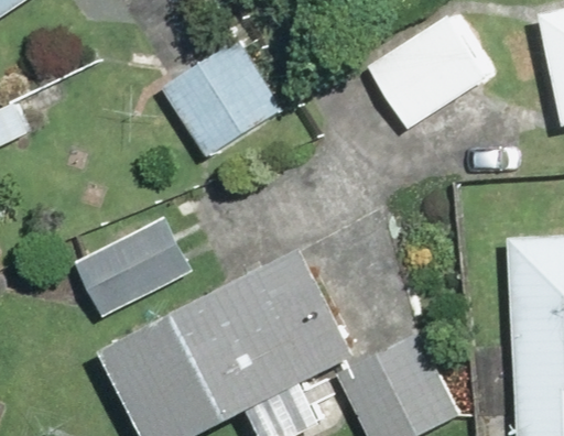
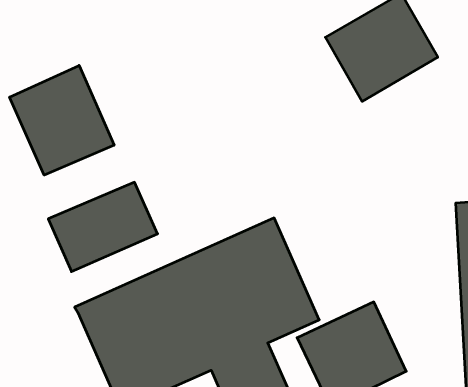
building: [163,40,278,151] -> none
building: none -> [10,65,114,175]

